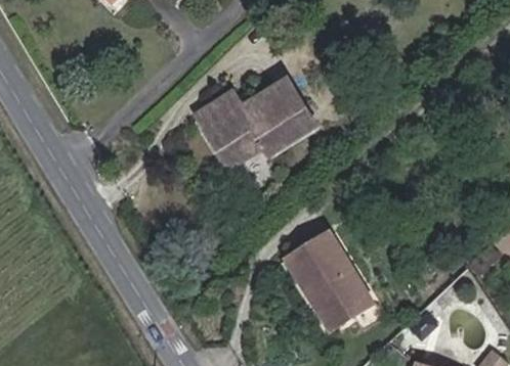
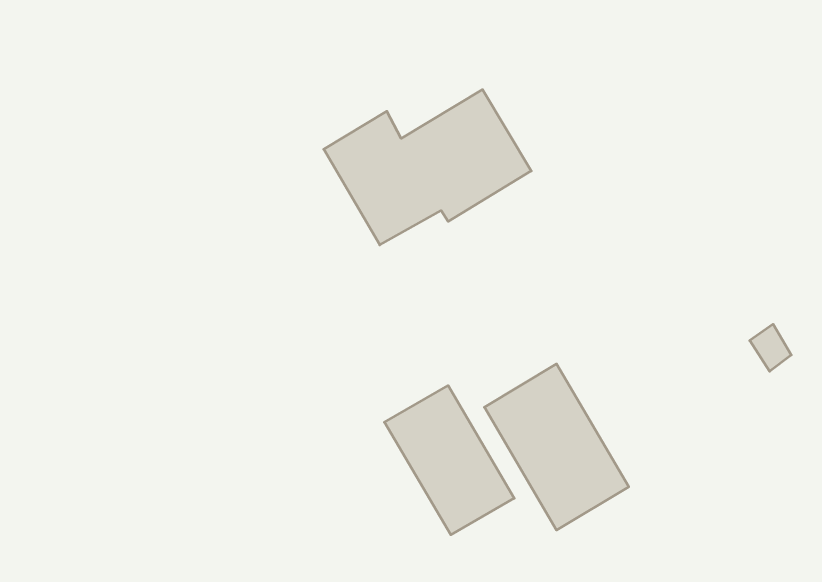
building: none -> [384,386,514,535]

